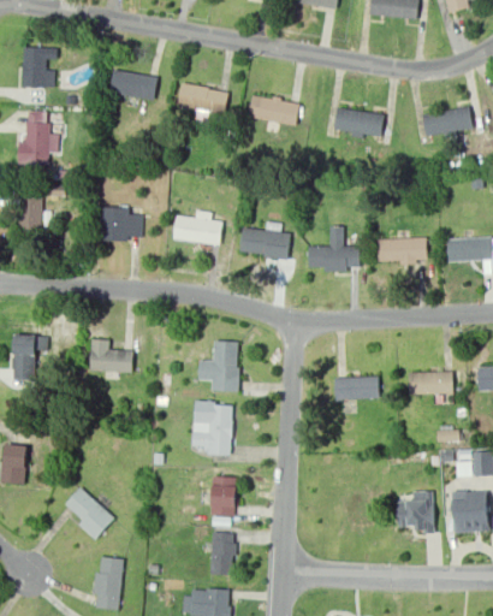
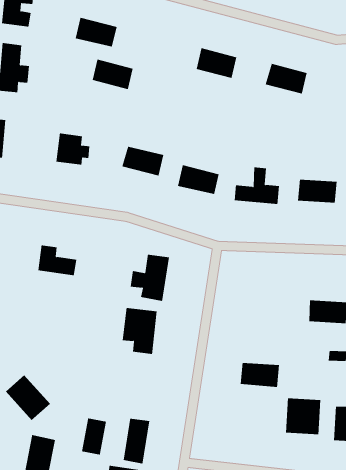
building: [178,82,225,114] -> [92,59,133,90]
building: [334,374,379,401] -> [240,362,280,387]
building: [213,475,239,517] -> [81,418,107,455]

